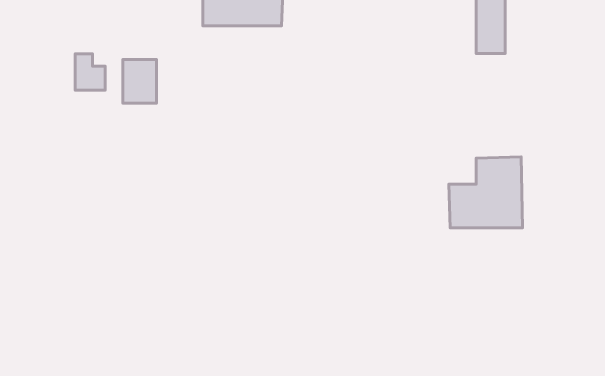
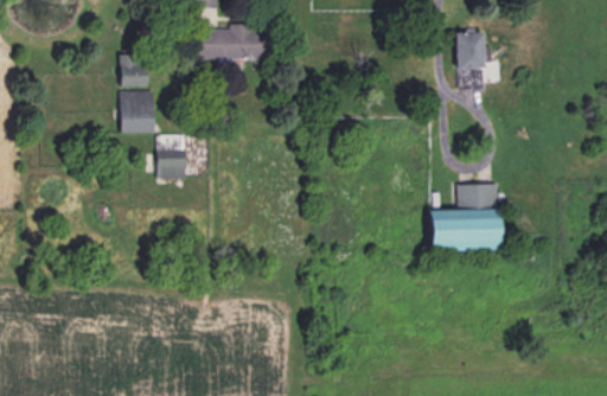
building: [75,54,105,90] -> [121,52,149,87]
building: none -> [156,134,186,177]

